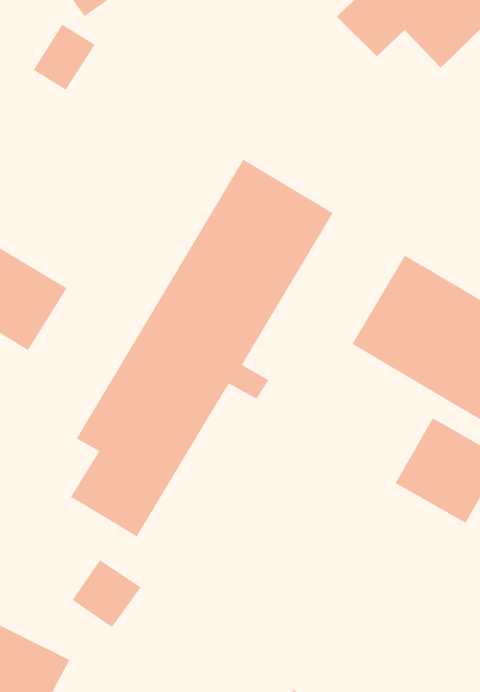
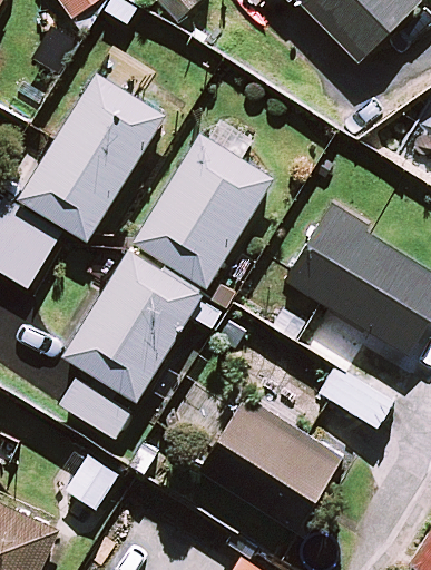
building: none -> [21,72,164,238]
building: none -> [197,396,341,530]

